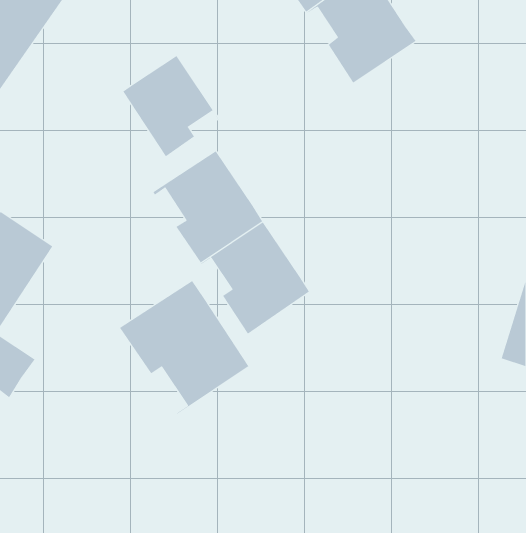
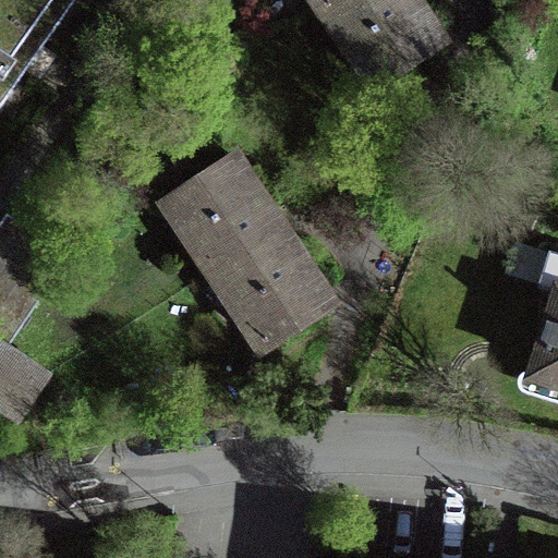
building: [122,55,220,157] -> none
building: [119,280,249,415] -> none

